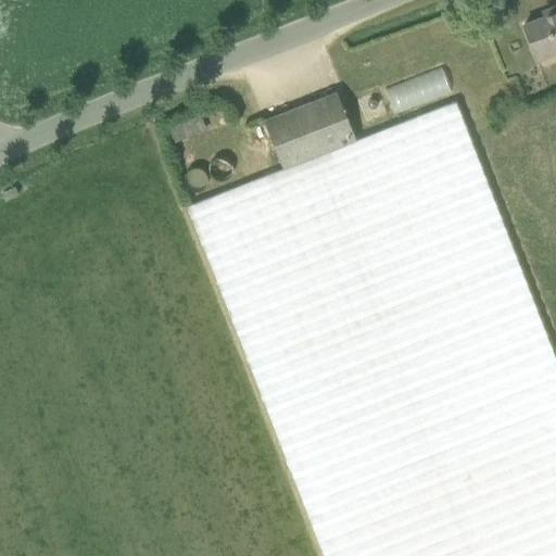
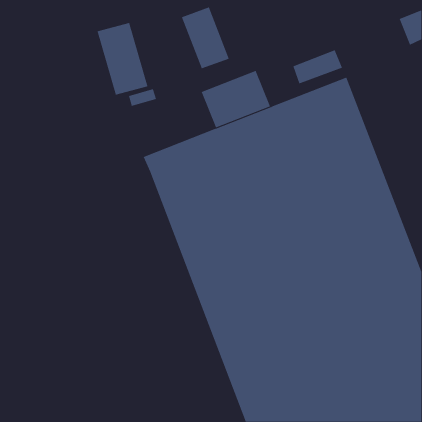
building: none -> [181,7,229,69]
building: none -> [97,22,148,95]

